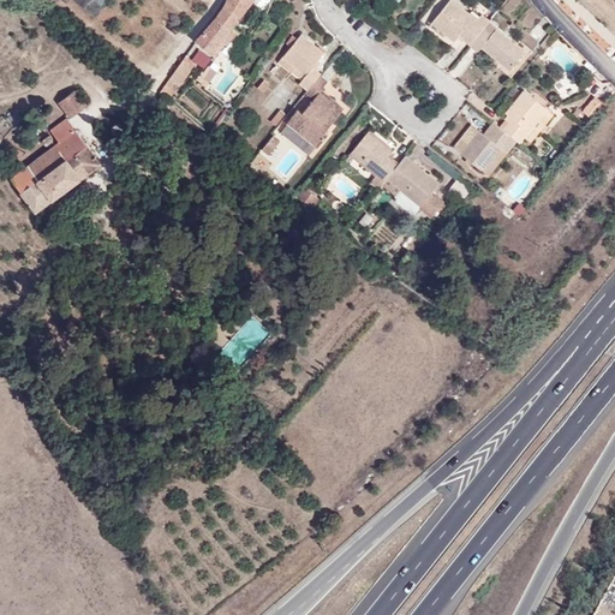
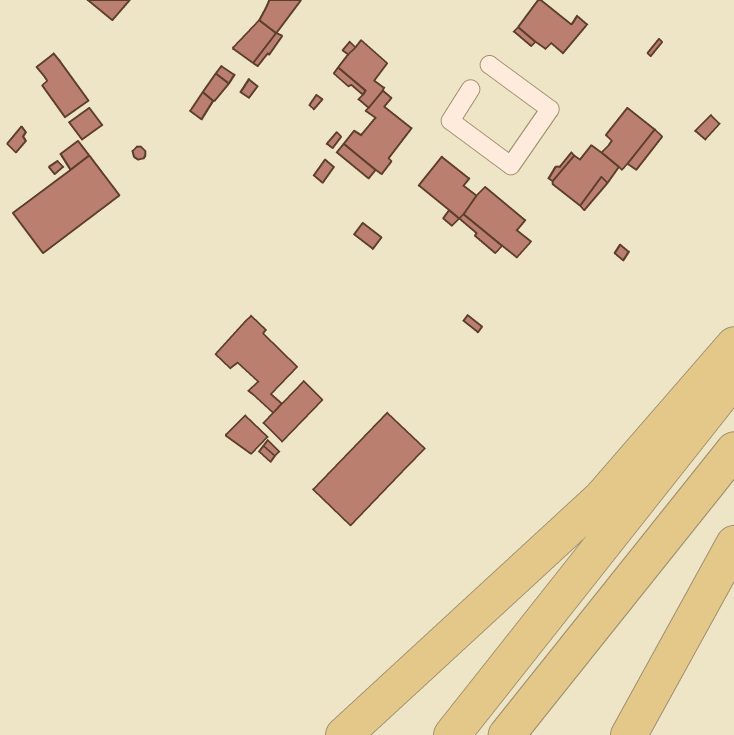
building: [470,22,524,70] -> none
building: none -> [37,53,88,117]
building: none -> [216,316,297,413]
building: none -> [313,413,425,525]
building: none -> [226,415,268,454]

